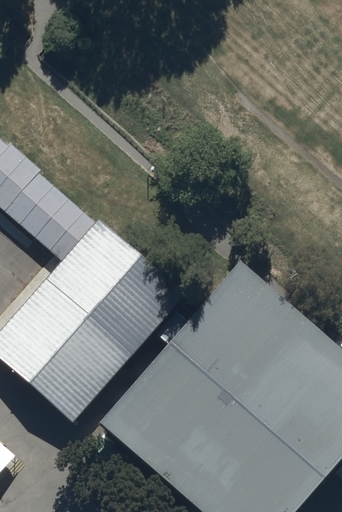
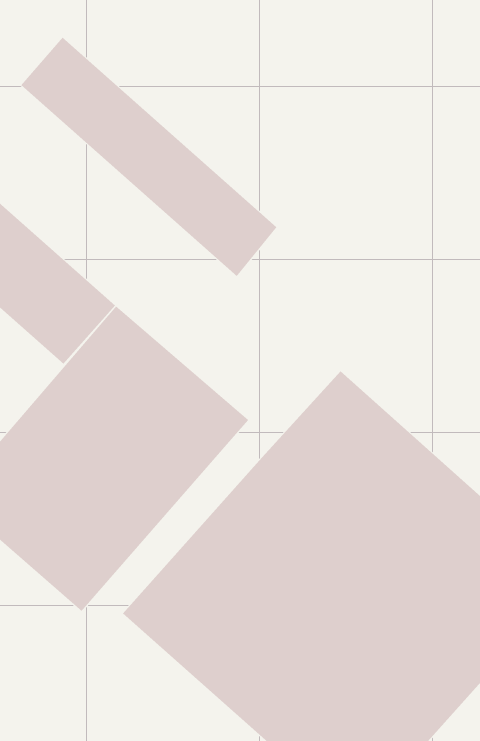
building: none -> [20,37,277,277]

